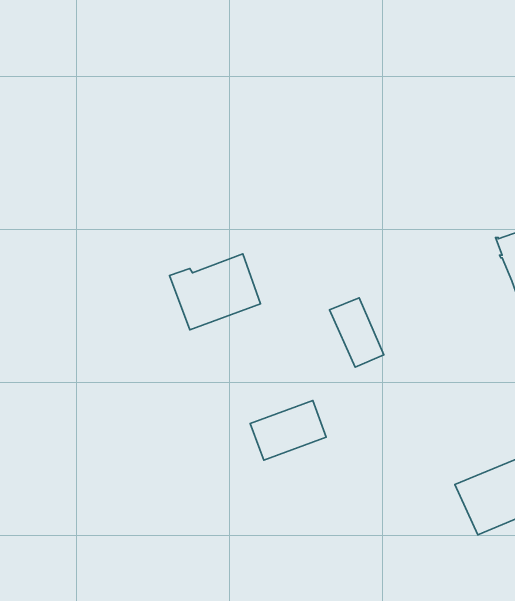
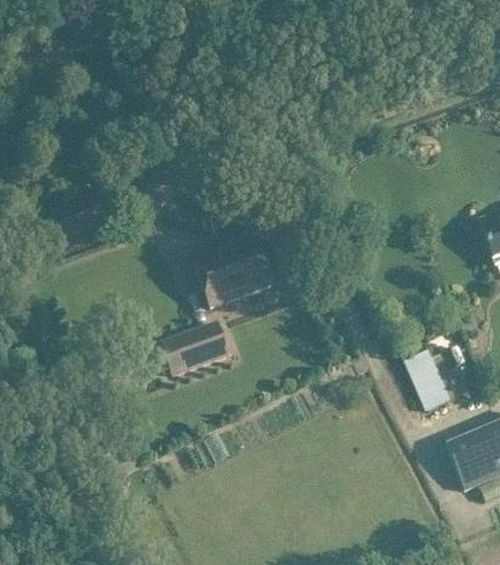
building: [329,298,384,367] -> [402,348,451,410]
building: [250,400,326,460] -> [161,322,229,375]

